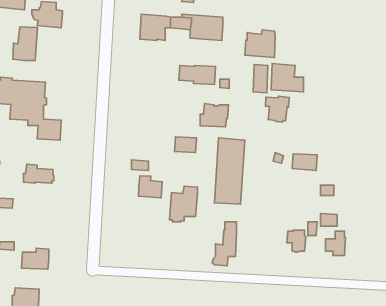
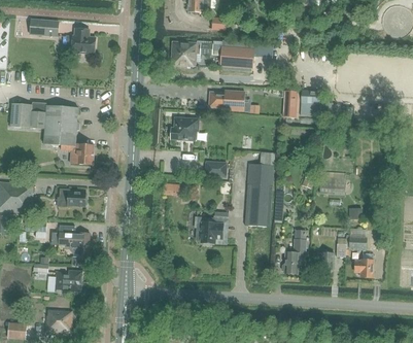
building: [13,27,37,61] -> none
building: [245,30,275,57] -> none
building: [265,96,289,122] -> none
building: [200,104,229,127] -> [171,116,199,139]
building: [139,176,162,198] -> none
building: none -> [50,225,90,259]
building: [212,222,236,266] -> [281,230,305,273]

